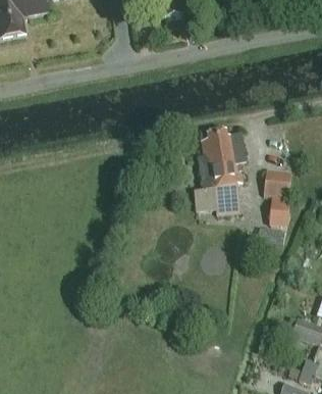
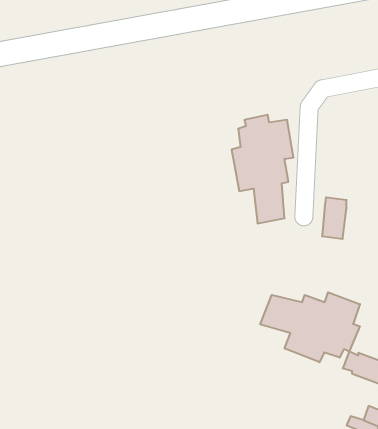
building: [263,165,290,195] -> none
building: none -> [260,292,360,362]

